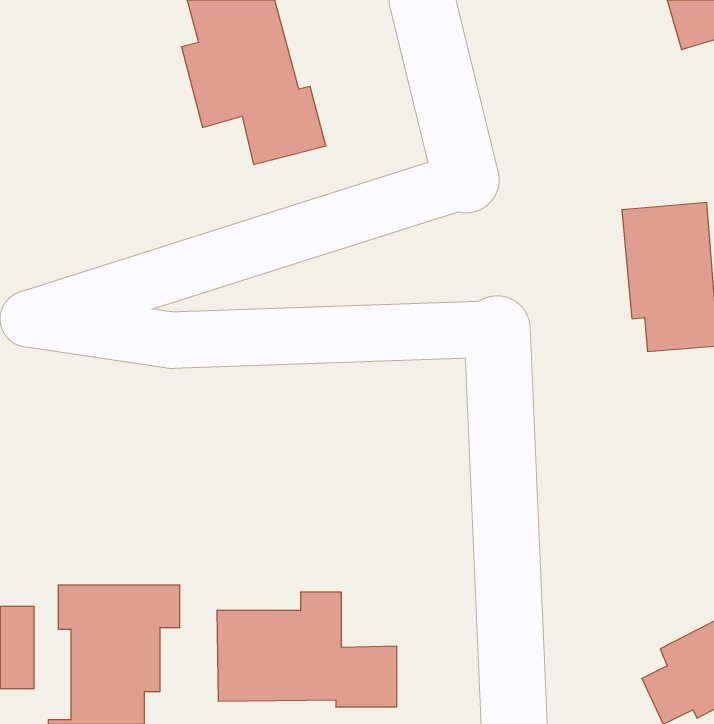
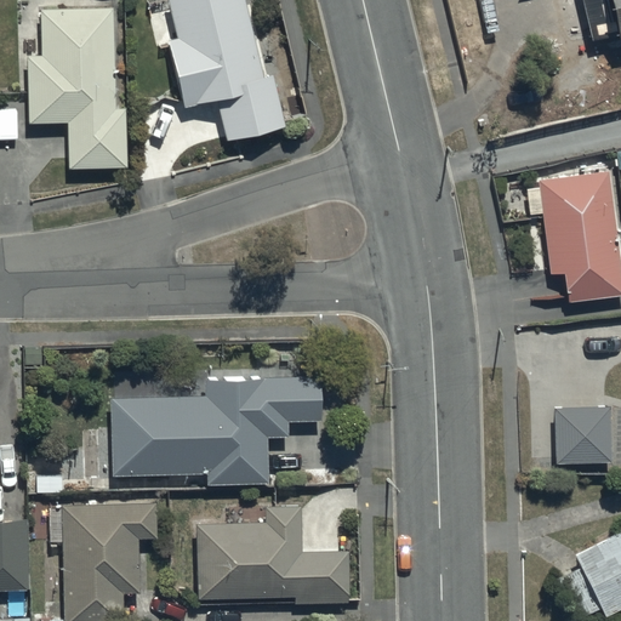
building: none -> [27,11,125,166]
building: none -> [120,374,327,482]
building: none -> [553,408,611,465]

